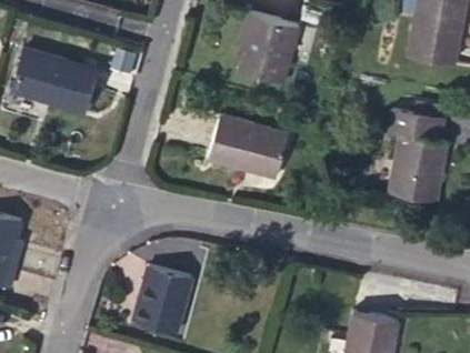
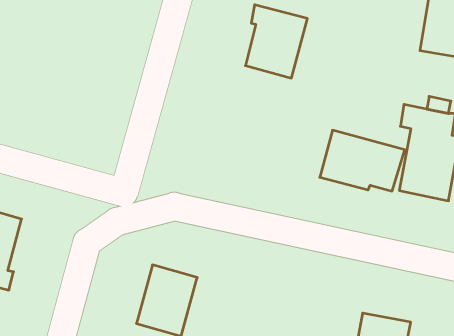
building: [12,49,97,112] -> none
building: [208,114,290,173] -> [320,130,405,191]

